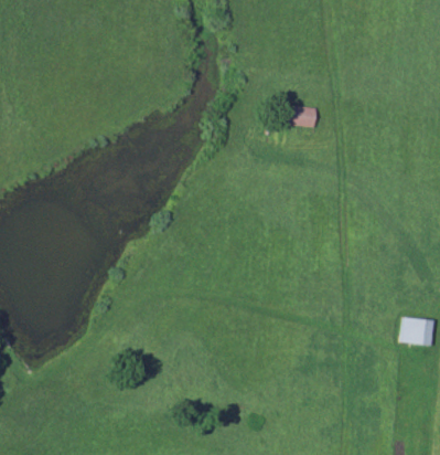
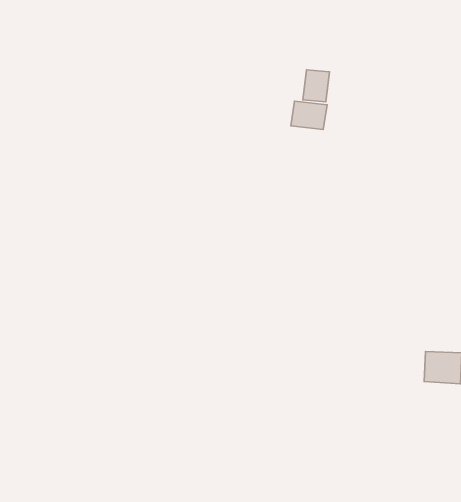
building: none -> [303,70,329,102]

